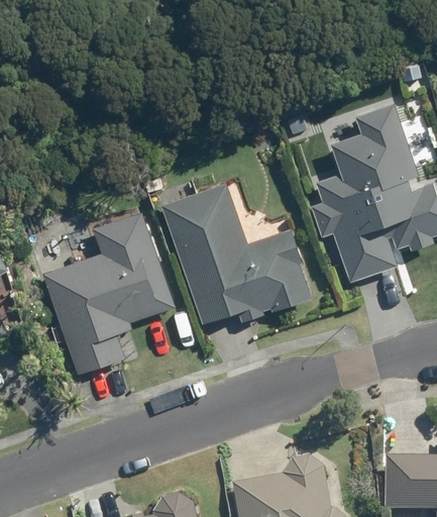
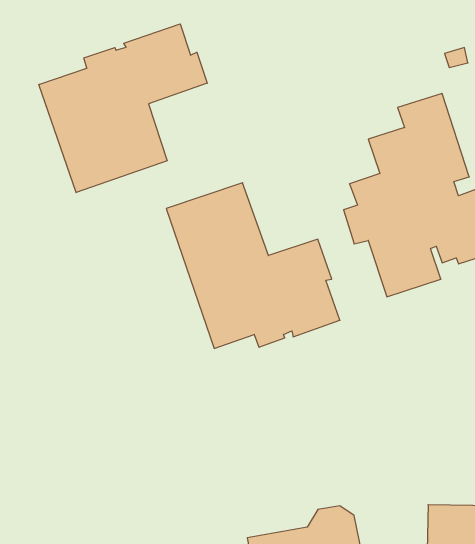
building: none -> [39,24,207,193]
building: [42,211,176,374] -> none

